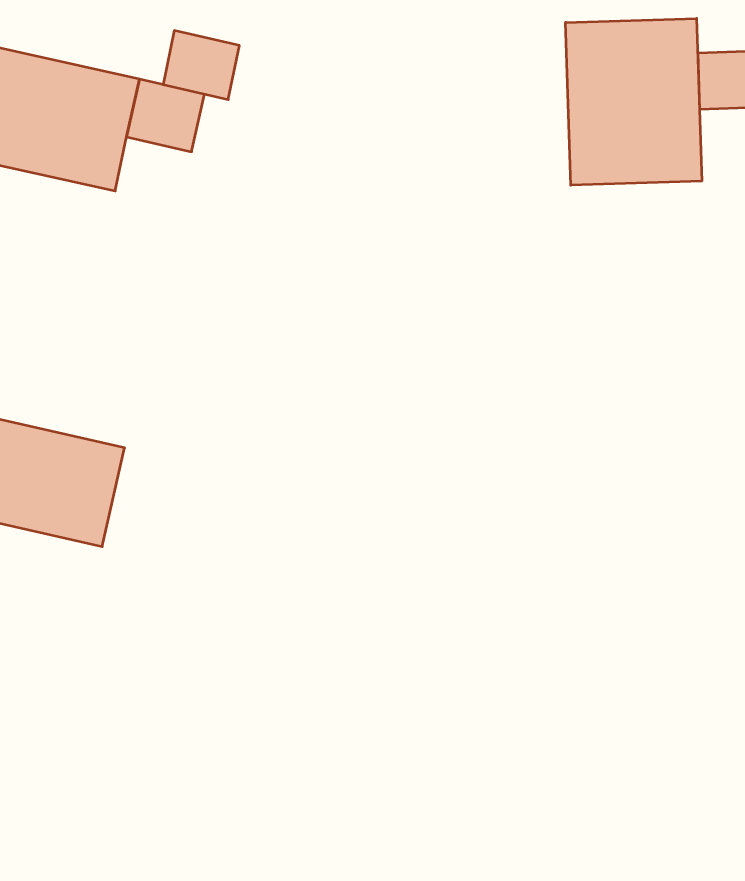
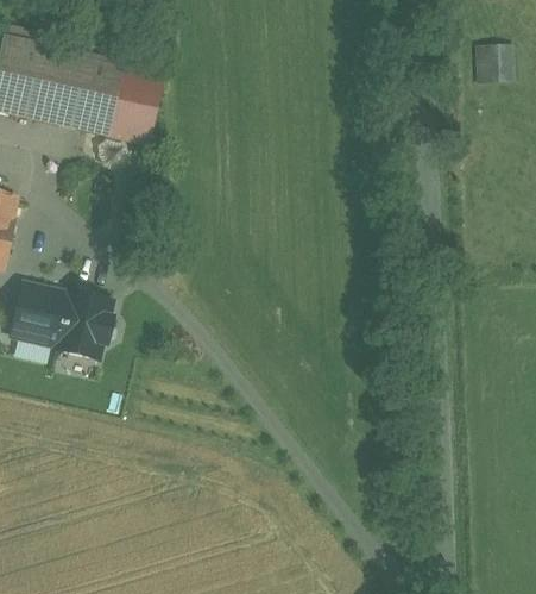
building: [566,18,702,185] -> none
building: [163,31,239,100] -> [105,99,153,143]

